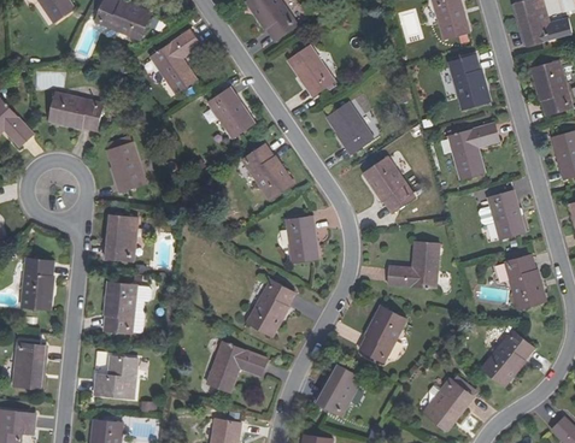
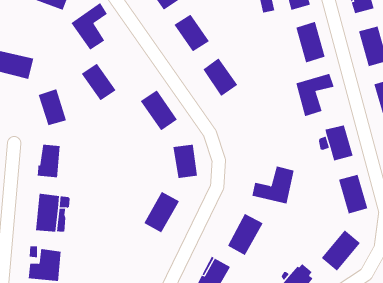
building: [207,88,254,138] -> [81,63,116,101]
building: [363,159,410,214] -> none
building: [206,341,268,391] -> none

